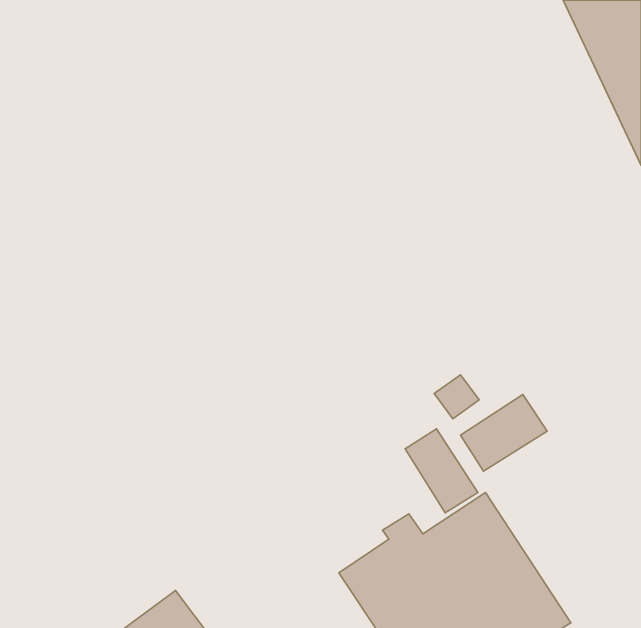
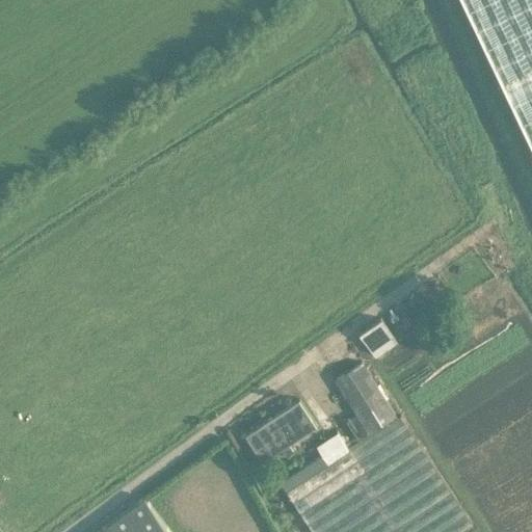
building: [461,394,547,471] -> none
building: none -> [247,404,317,463]

